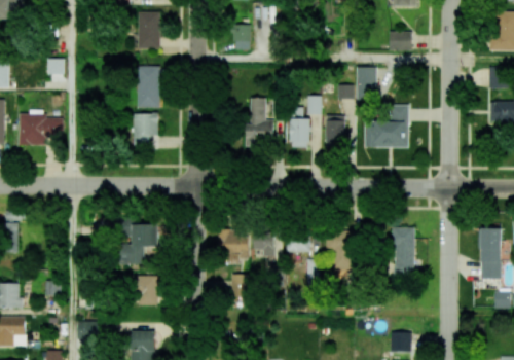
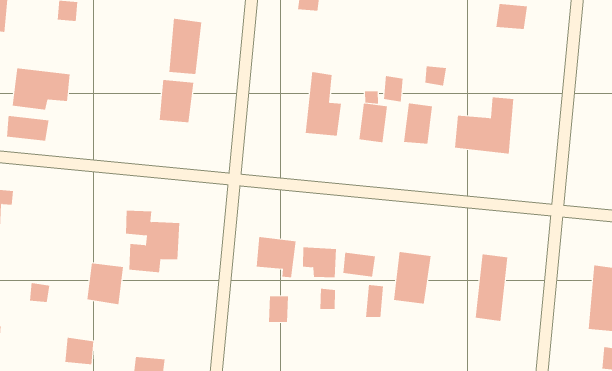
building: [356,67,376,101] -> none
building: none -> [6,115,49,142]
building: [133,276,159,307] -> [87,263,124,305]

